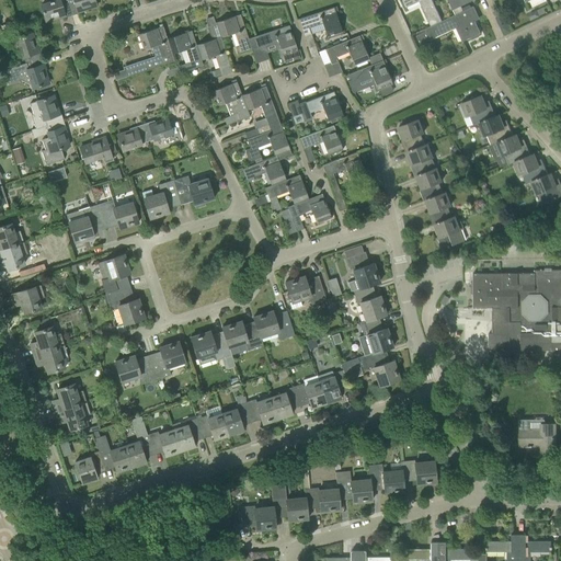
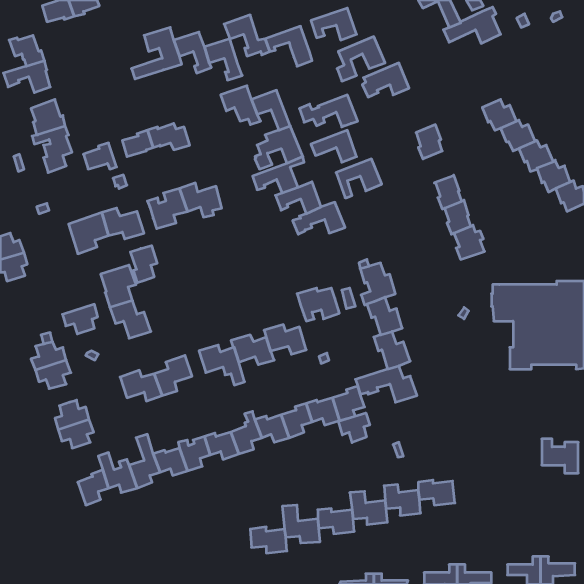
building: [408,144,434,176] -> none
building: none -> [130,246,157,283]
building: [10,285,44,313] -> [62,304,98,334]
building: none -> [339,413,370,443]

